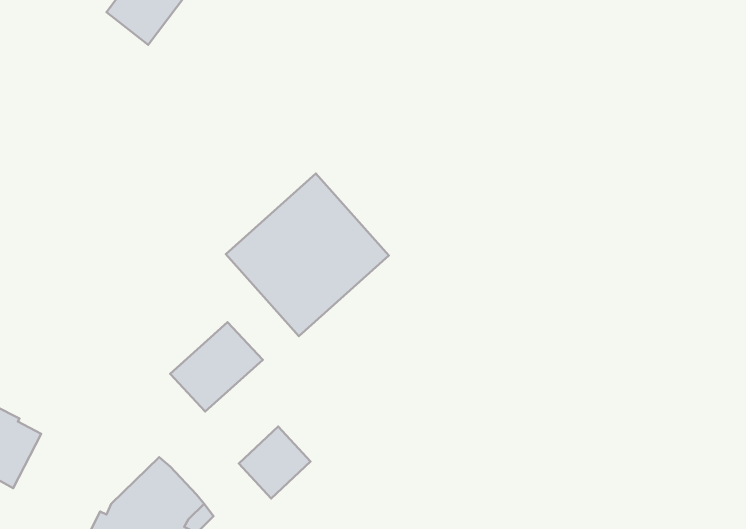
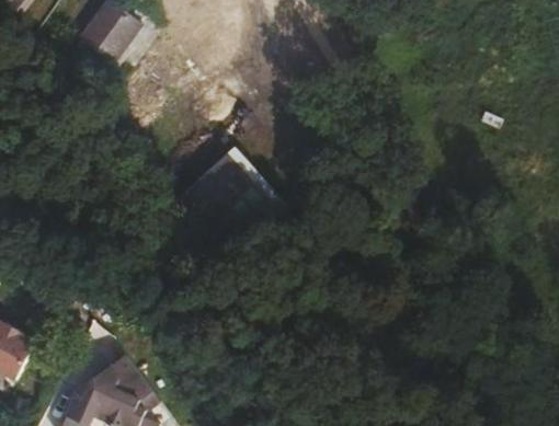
building: [170,322,263,411] -> none
building: [239,426,310,499] -> none

